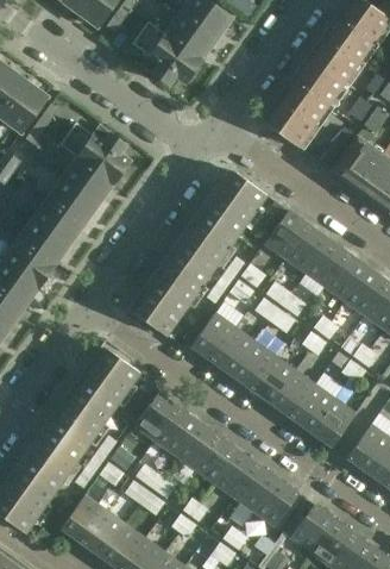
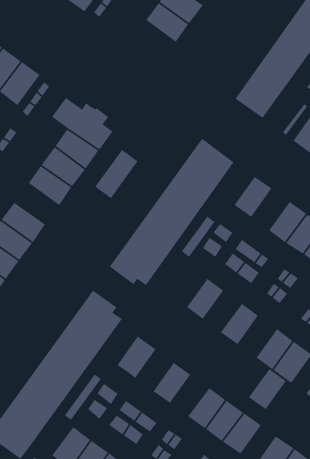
building: [132,21,201,83] -> none
building: none -> [94,149,139,199]
building: [18,219,69,265] -> none
building: [285,225,328,273] -> none
building: [191,312,235,359] -> none
building: [231,340,275,388] -> none
building: [270,369,314,417] -> [248,368,287,410]
building: [155,407,197,455] -> none
building: [194,436,238,483] -> none

